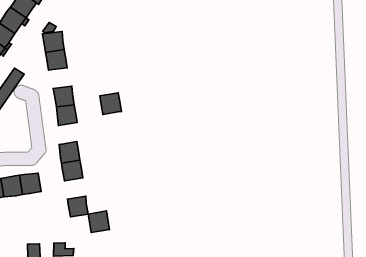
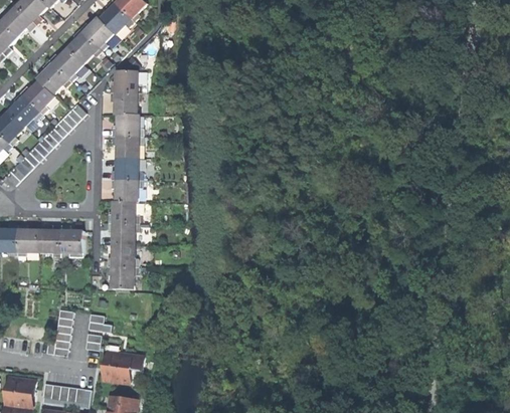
building: none -> [117,113,139,136]
building: [100,93,121,114] -> [116,179,138,201]
building: [88,211,110,233] -> [112,244,134,266]

